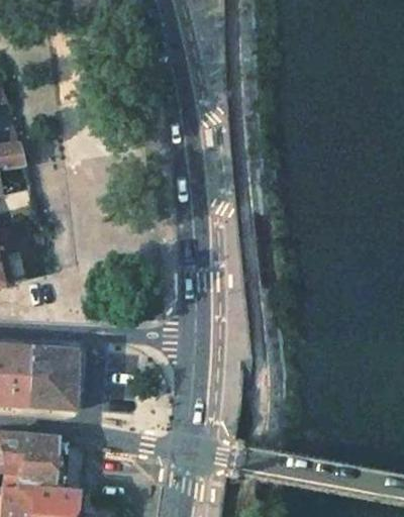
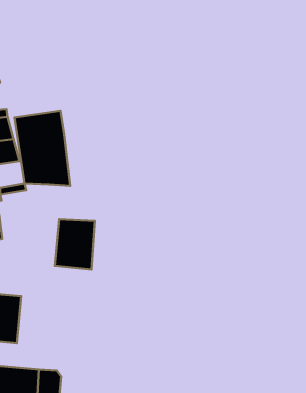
building: none -> [15,111,70,186]
building: [27,352,75,412] -> [55,219,95,269]

